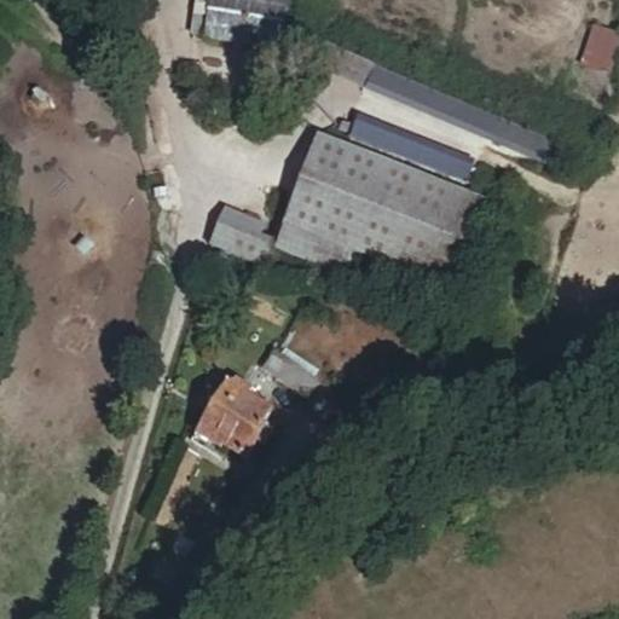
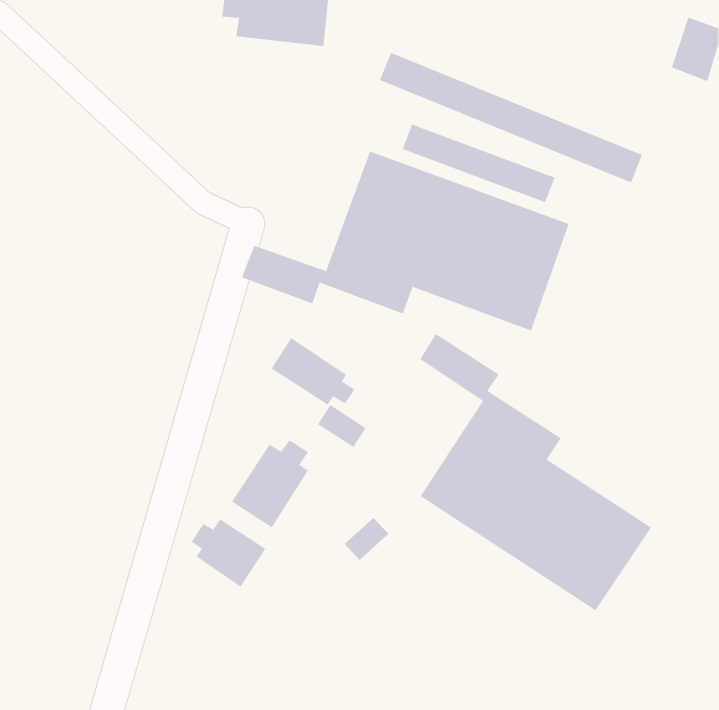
building: none -> [420,333,652,611]
building: none -> [271,337,355,406]
building: none -> [191,518,266,587]

